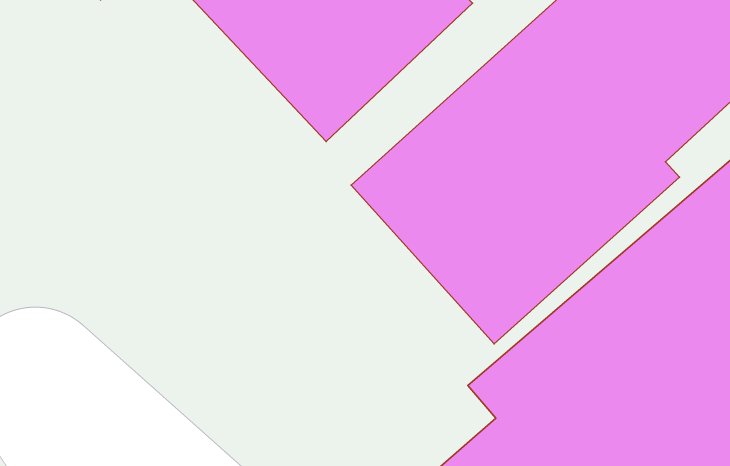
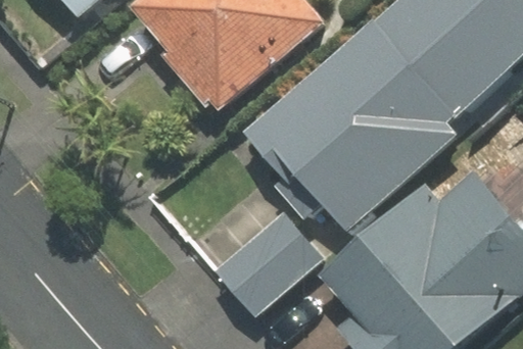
building: none -> [213,205,324,312]

